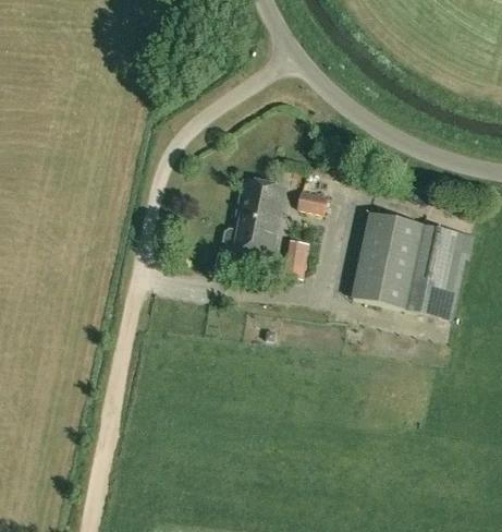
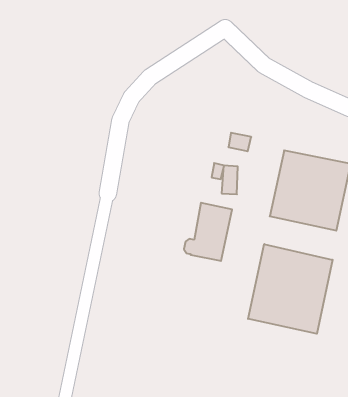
building: [222,179,284,254] -> [184,203,232,261]
building: none -> [248,244,333,334]

